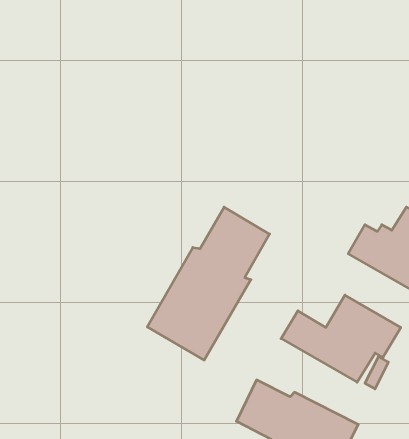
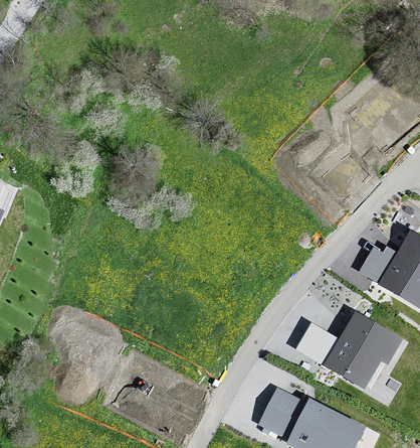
building: [147,207,270,360] -> none

